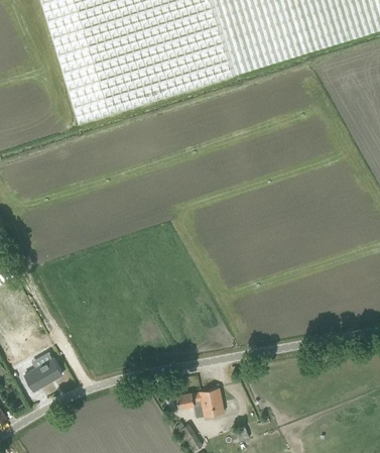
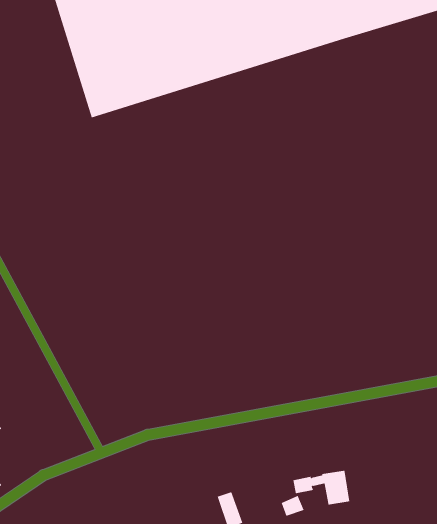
building: [24,358,62,389] -> none
building: [176,387,223,416] -> [293,470,350,505]

